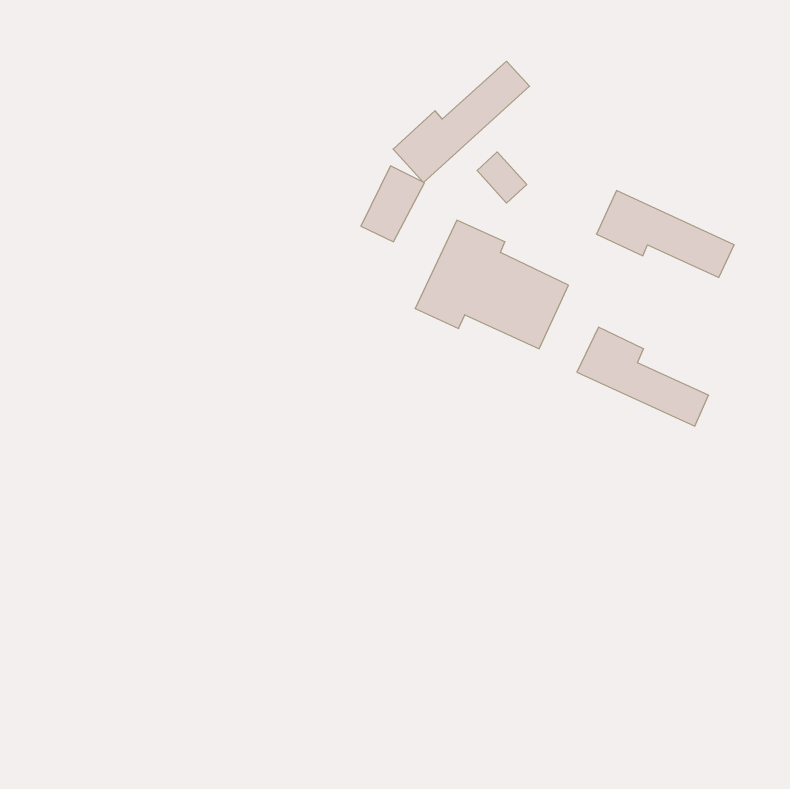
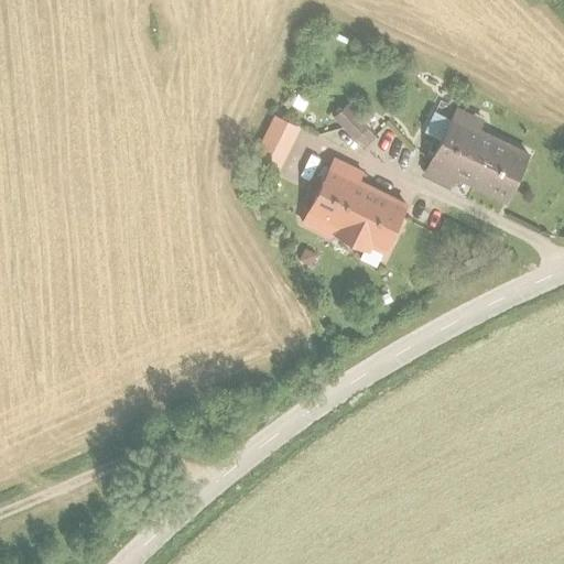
building: [393,61,530,182] -> none
building: [577,327,709,426] -> [440,106,533,176]

